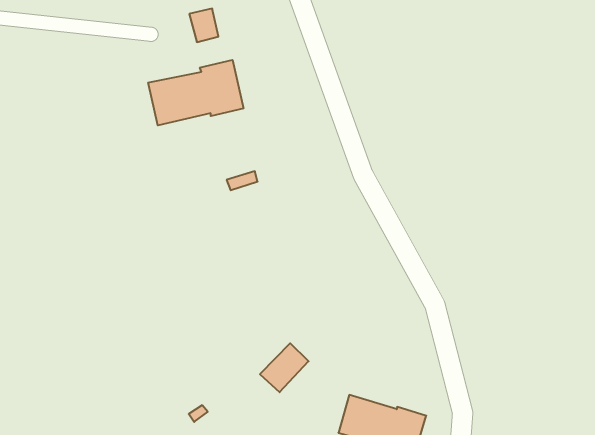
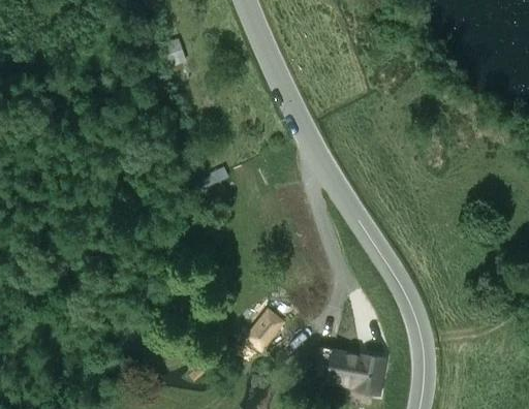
building: [148,60,243,125] -> none

